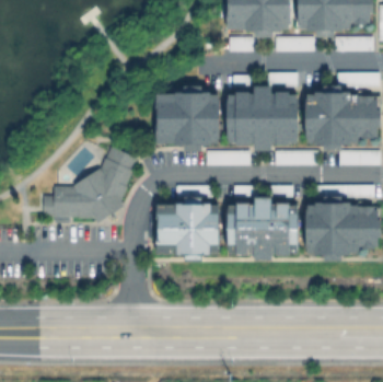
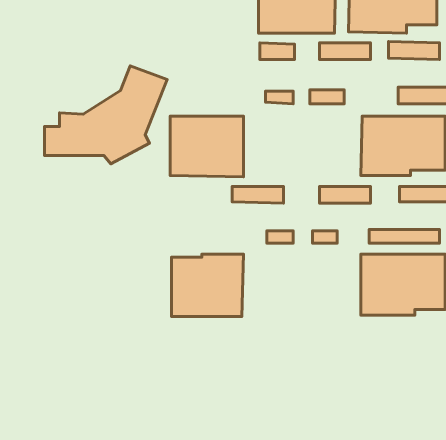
building: [230,88,294,148] -> none
building: [40,144,138,222] -> [44,66,167,164]
building: [230,199,293,255] -> none

